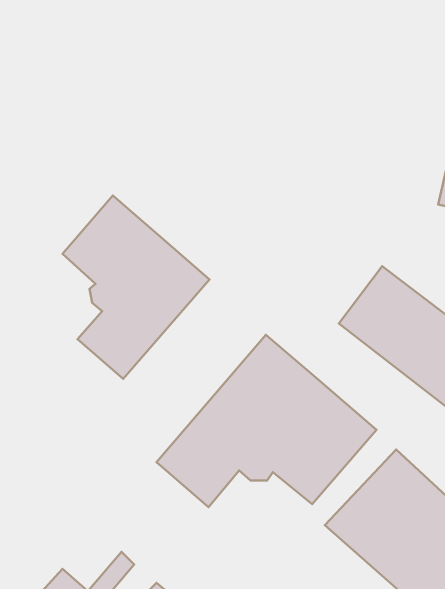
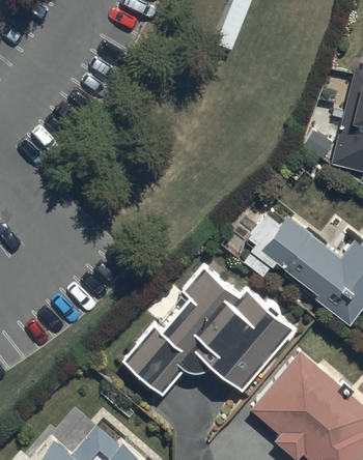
building: [62,195,210,379] -> none

